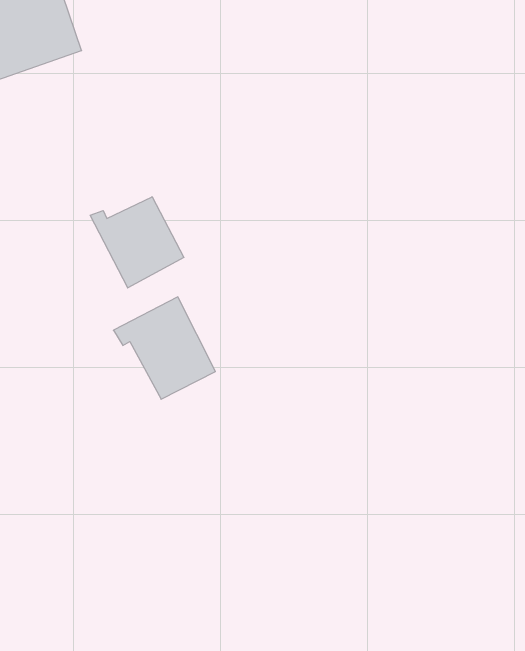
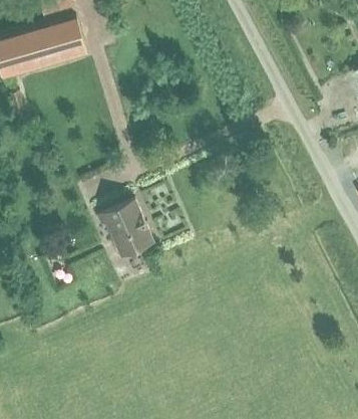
building: [90,197,184,288] -> none

